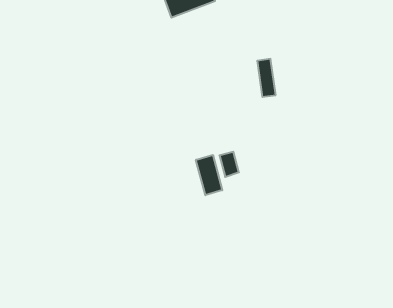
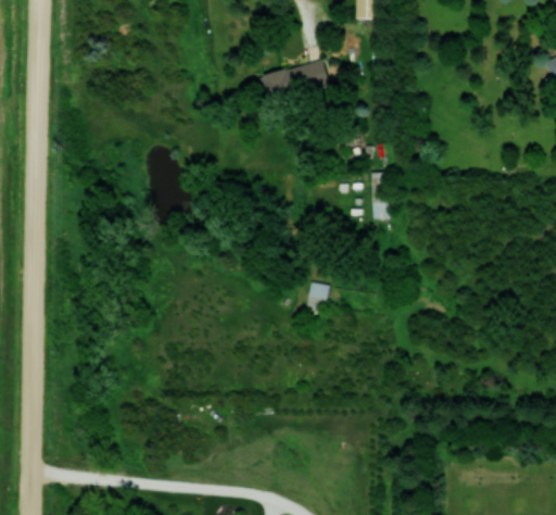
building: [196,155,222,195] -> none

